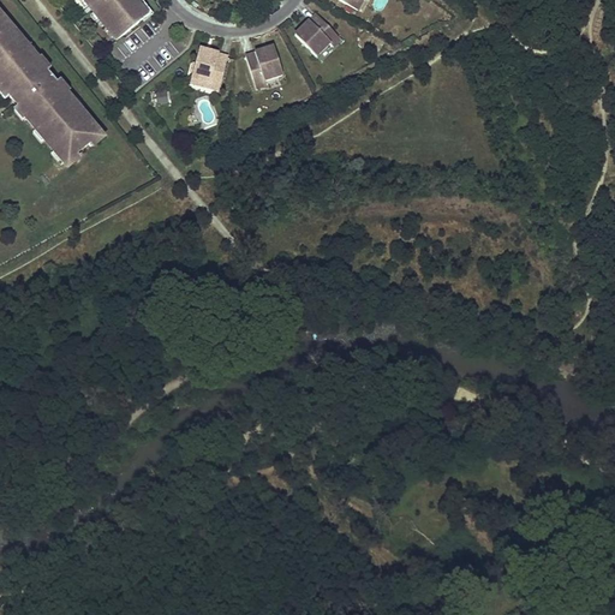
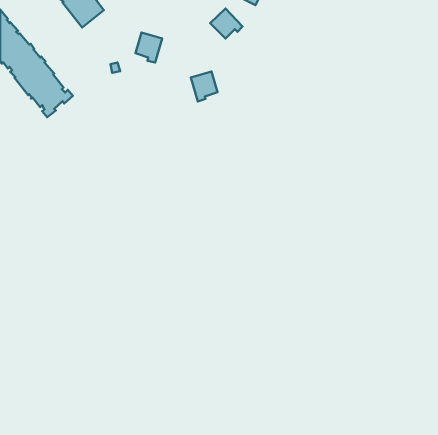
building: [245,44,282,86] -> [191,72,218,101]

